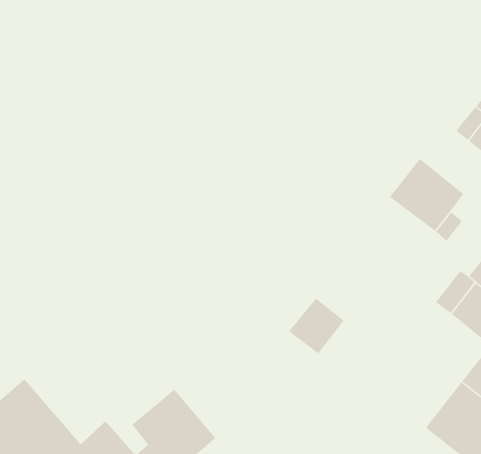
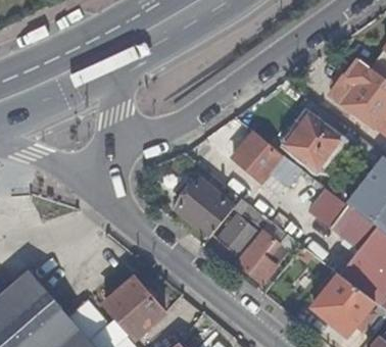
building: none -> [233,131,303,185]
building: none -> [175,177,234,235]
building: none -> [234,229,274,282]

